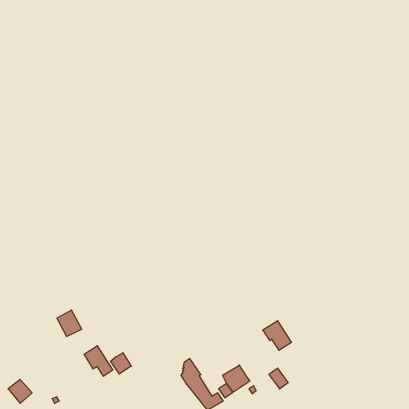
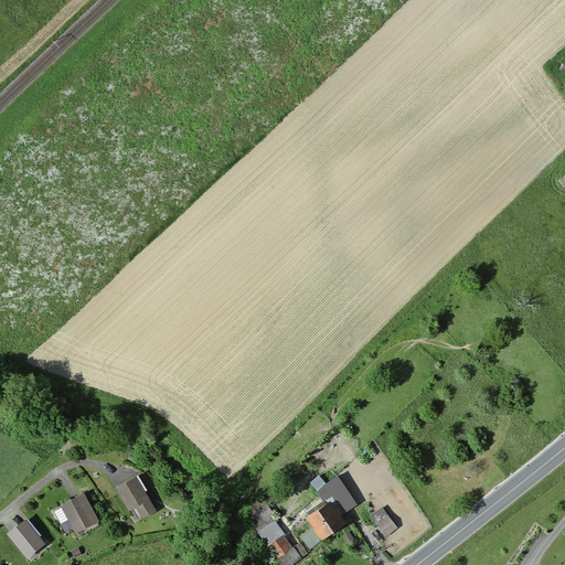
building: [57,310,82,336] -> [63,491,97,527]
building: [263,321,291,350] -> [318,478,358,519]
building: [111,353,131,374] -> none

